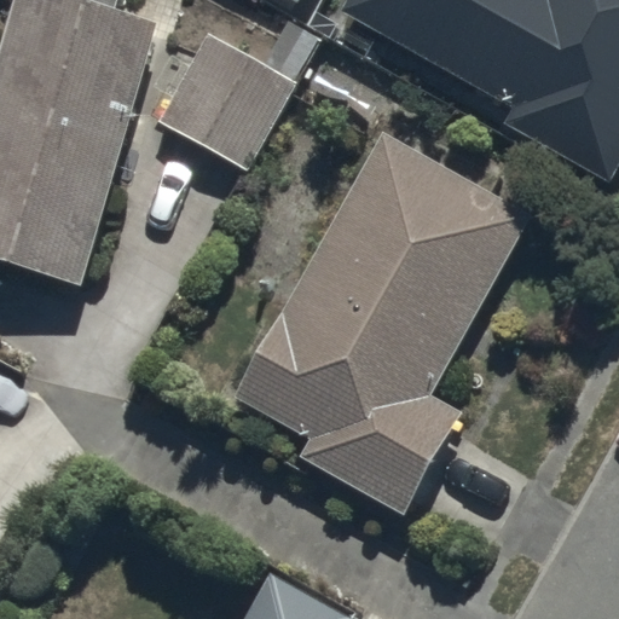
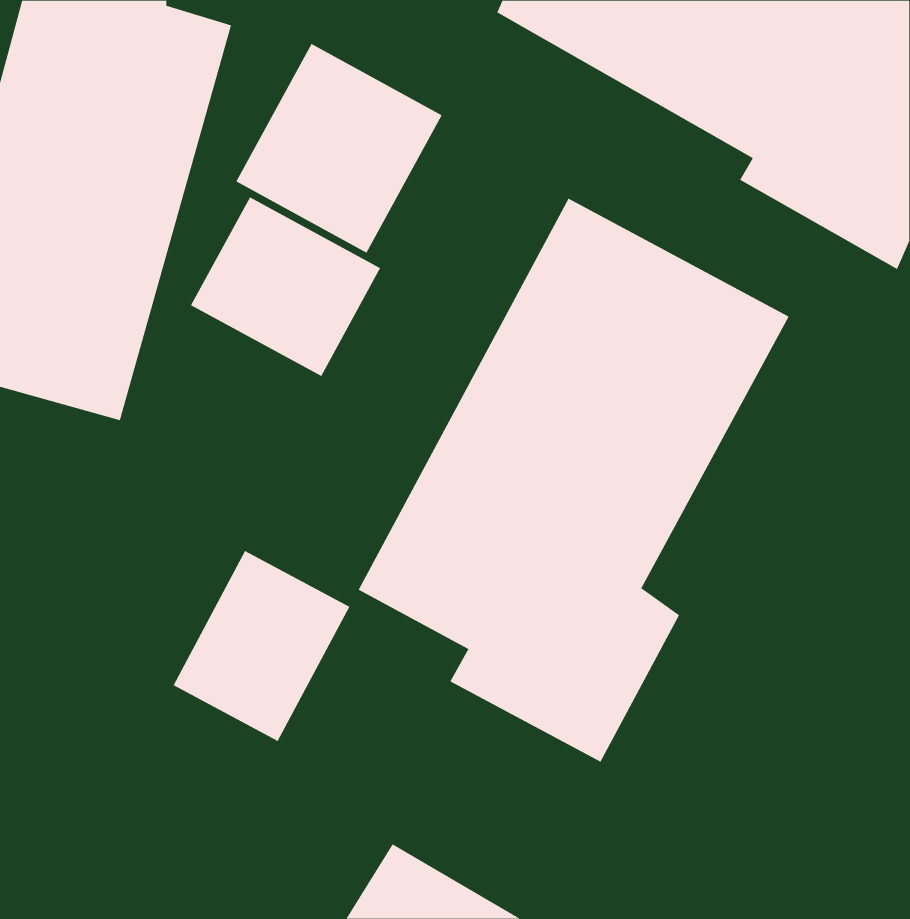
building: none -> [190,197,381,377]
building: none -> [173,550,350,742]

